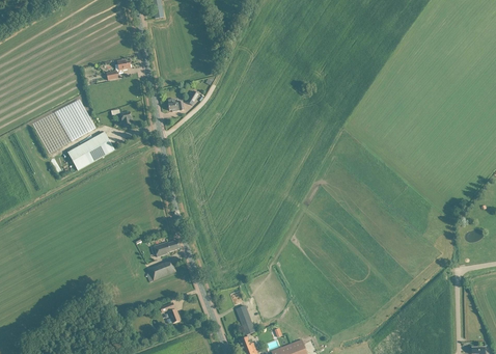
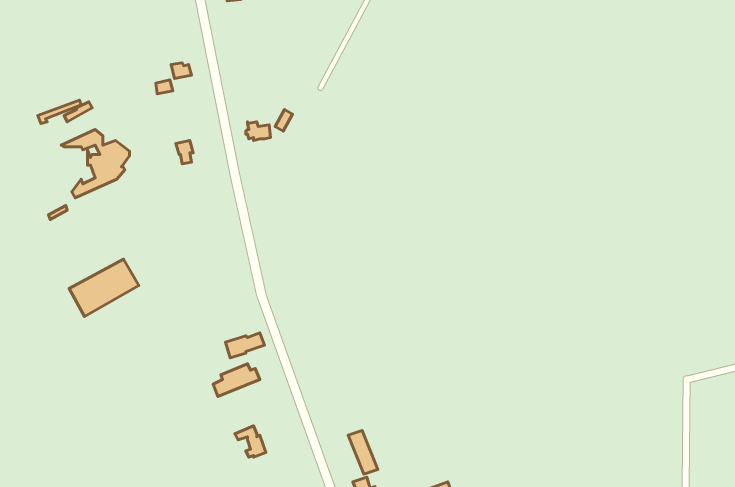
building: [67,132,114,170] -> [69,259,139,317]

